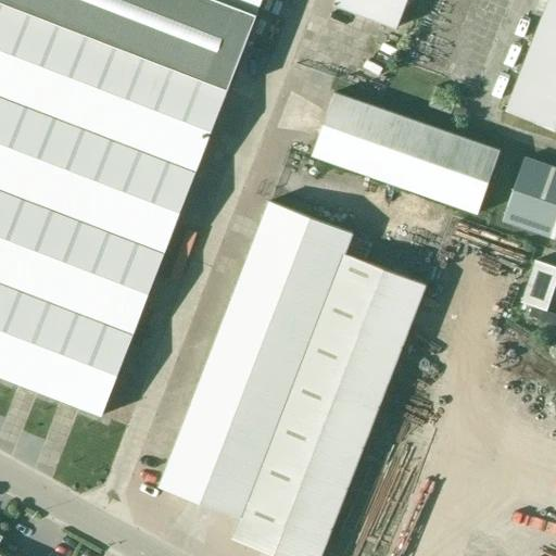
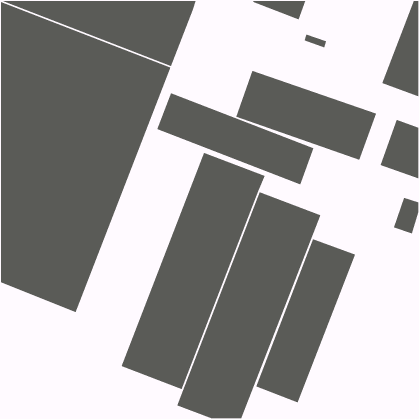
building: none -> [156,92,314,186]
building: none -> [255,238,356,404]

